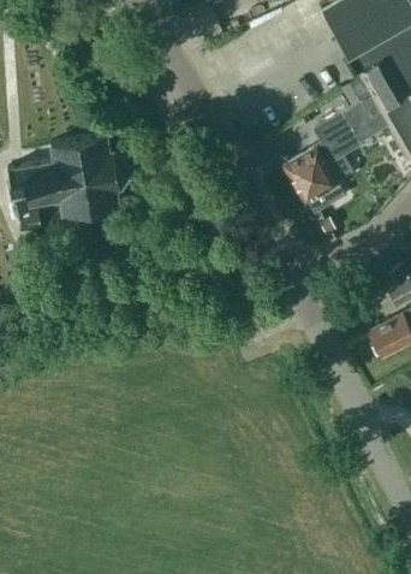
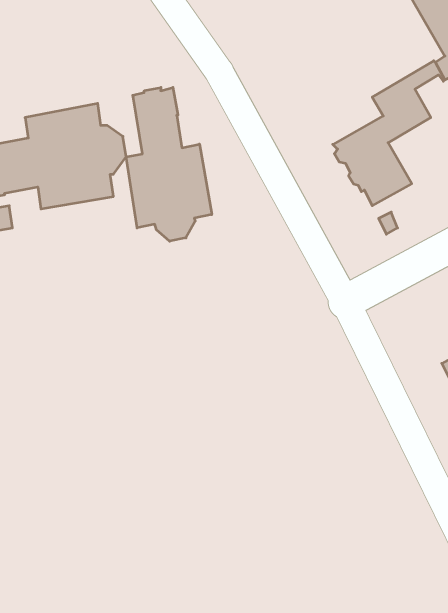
building: none -> [126,87,212,241]

